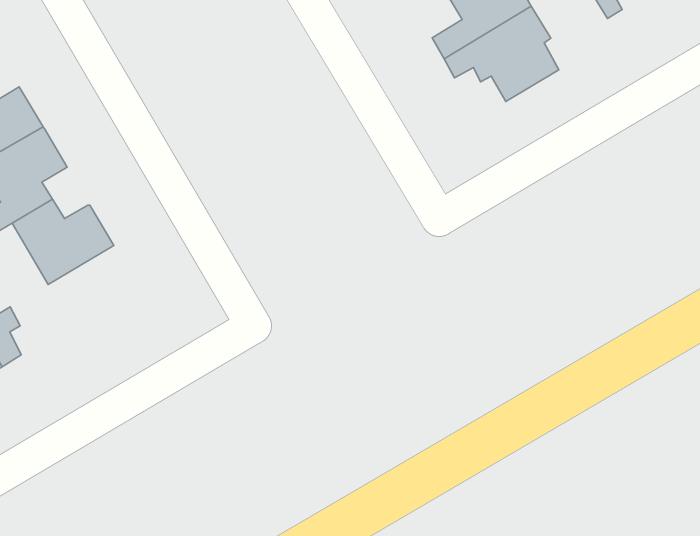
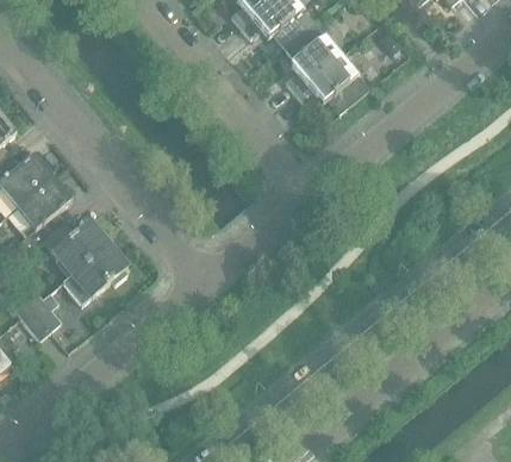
building: none -> [62,242,125,304]

